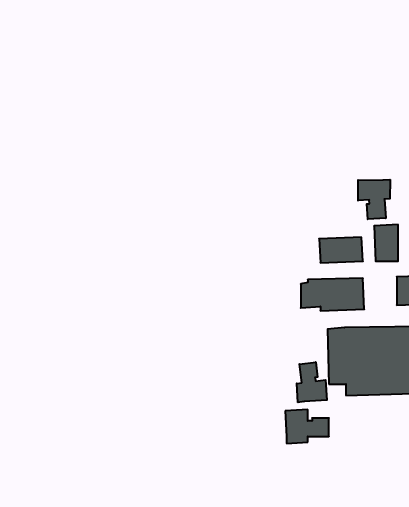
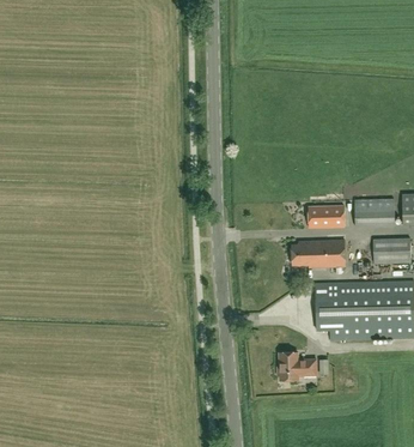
building: [358,180,390,219] -> none
building: [297,362,327,402] -> none

